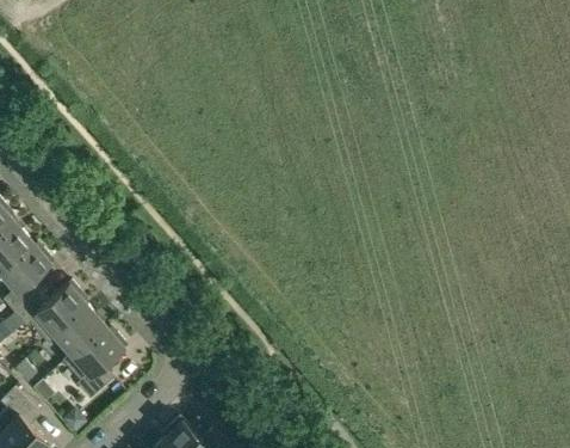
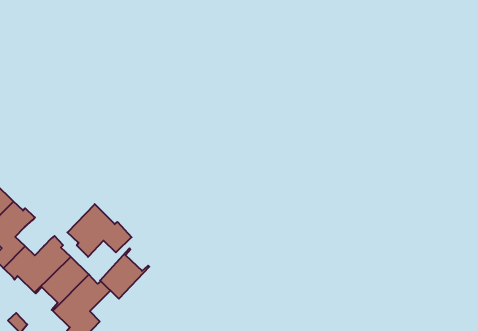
building: none -> [67,204,132,257]
building: none -> [100,248,149,299]

